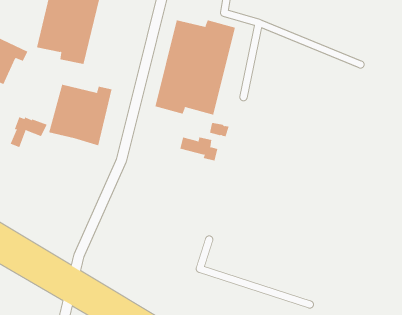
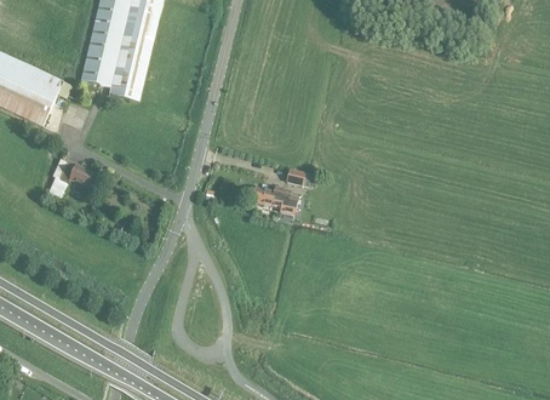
building: [155,19,235,115] -> none
building: [49,84,112,146] -> none

